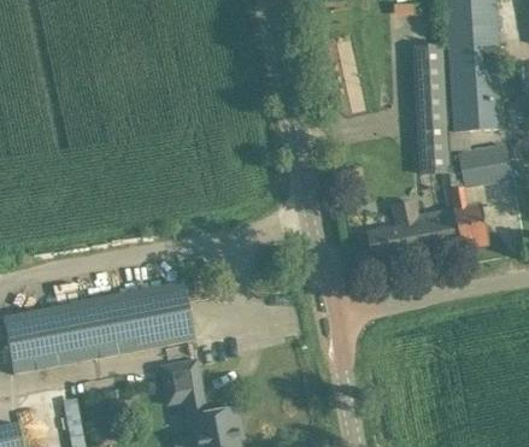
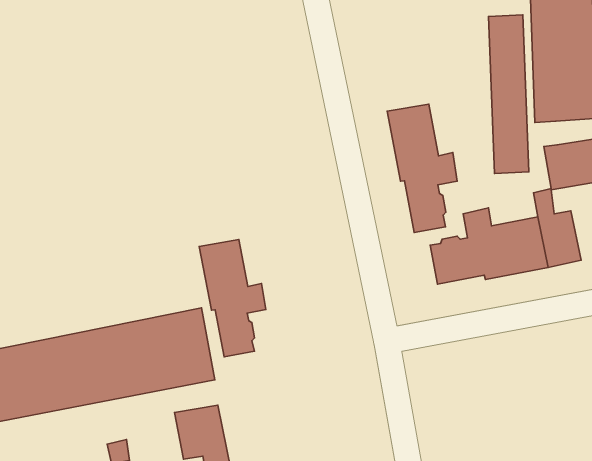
building: none -> [387,104,457,233]
building: none -> [199,240,266,357]

